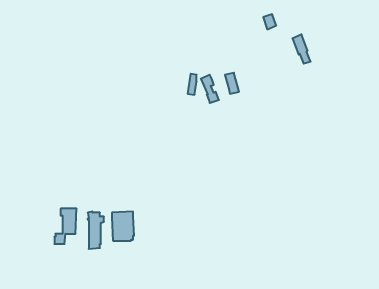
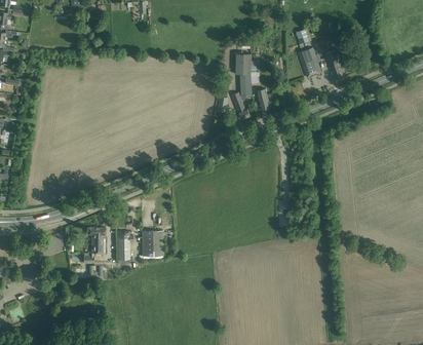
building: none -> [299,47,321,77]
building: none -> [235,52,252,94]

